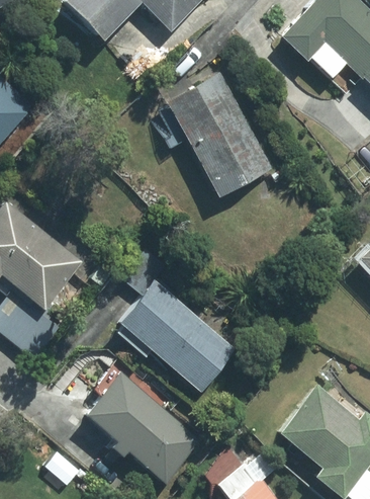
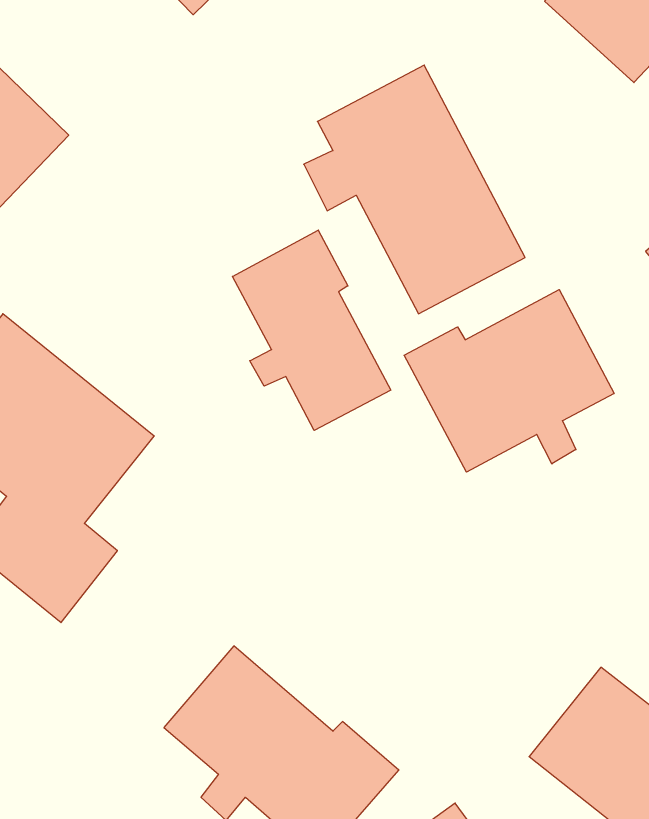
building: none -> [232,230,391,430]
building: none -> [404,290,614,472]
building: [111,280,236,392] -> none

